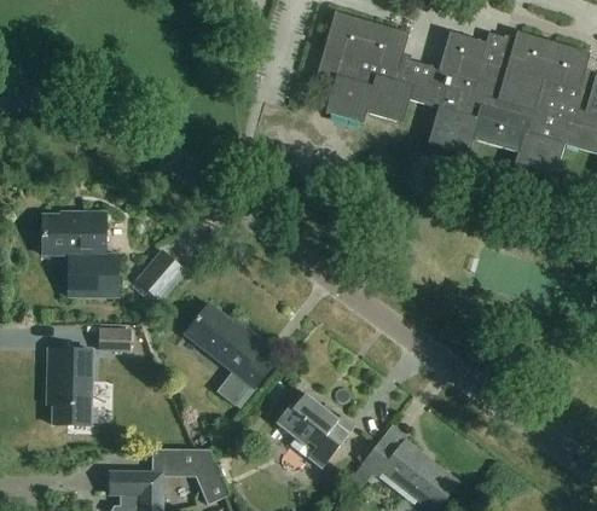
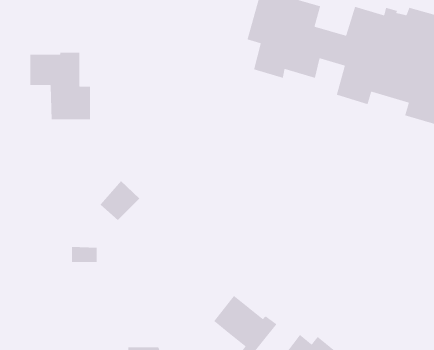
building: [44,213,120,297] -> [29,52,91,120]
building: [186,302,278,403] -> none
building: [47,349,93,425] -> none

